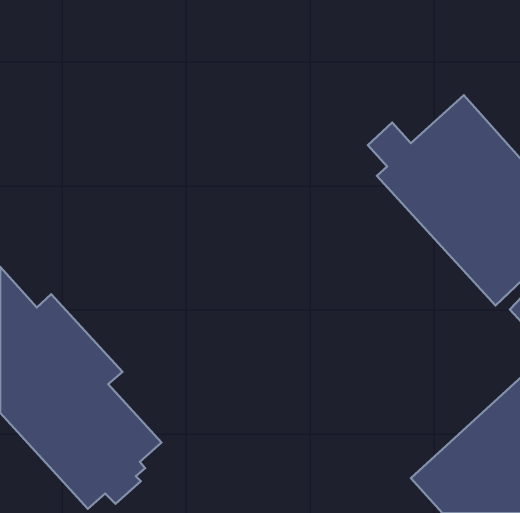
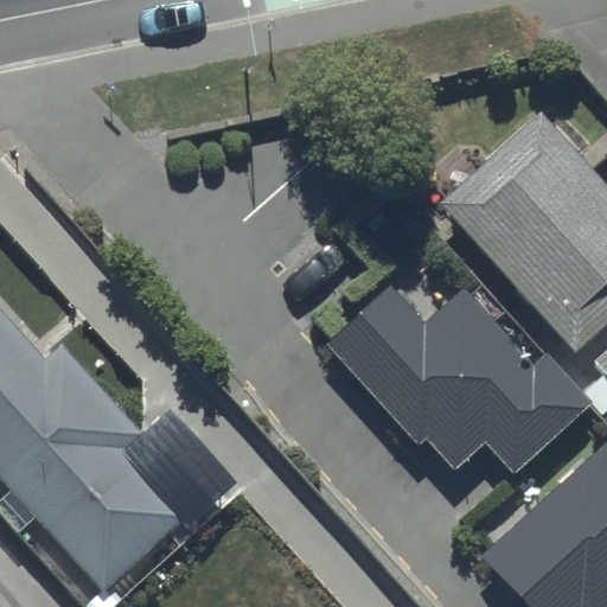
building: none -> [326,286,594,475]

